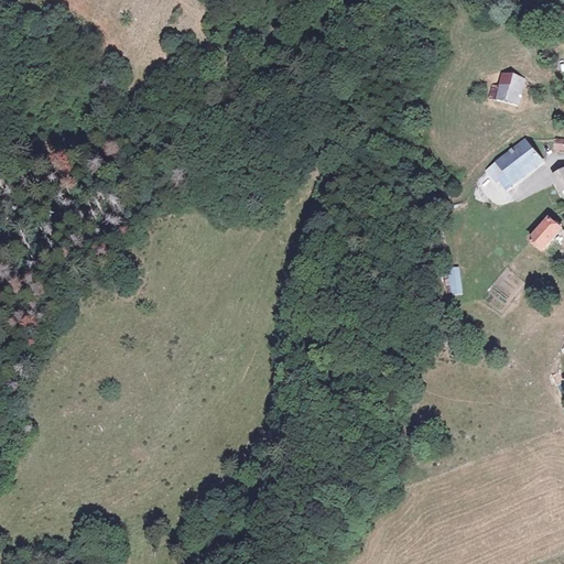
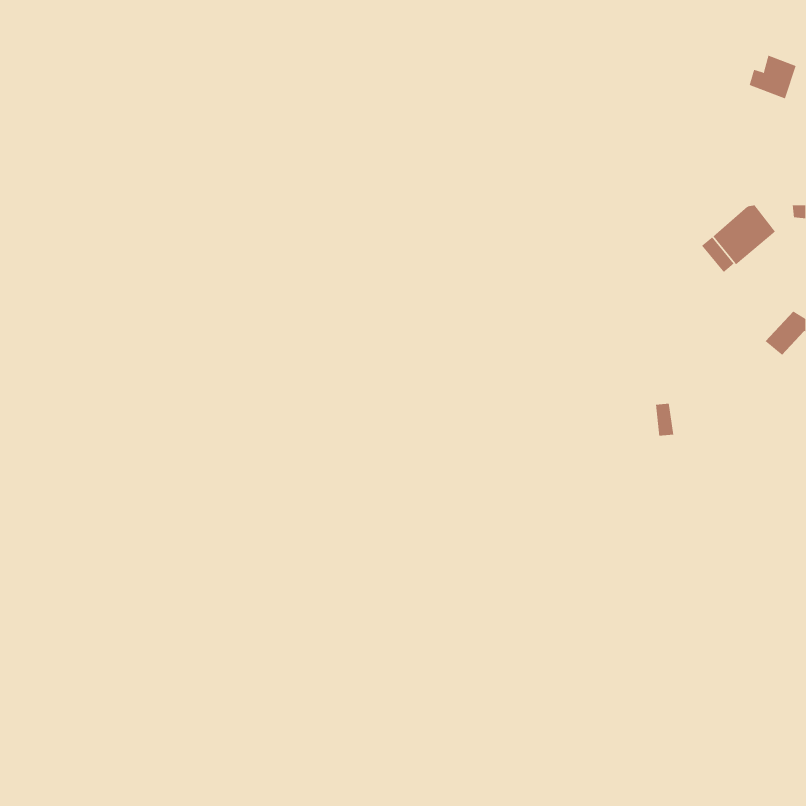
building: [491,72,524,102] -> [749,55,797,99]

